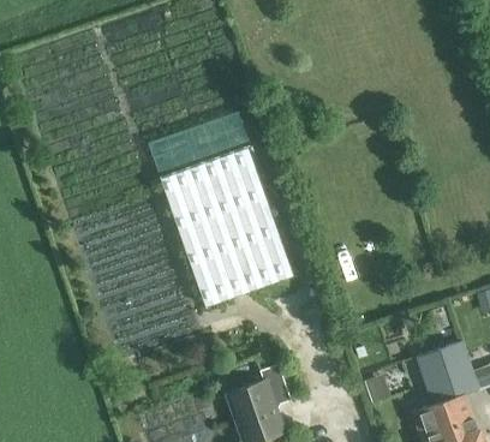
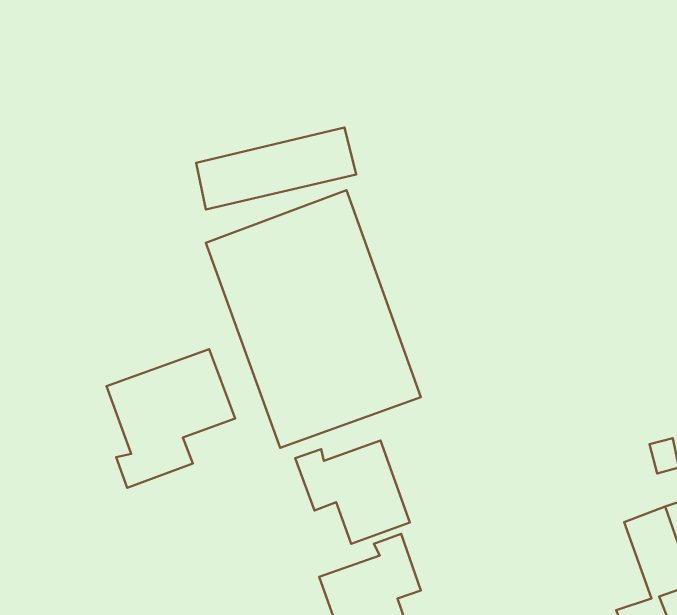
building: none -> [107,349,235,488]
building: none -> [295,441,410,544]

